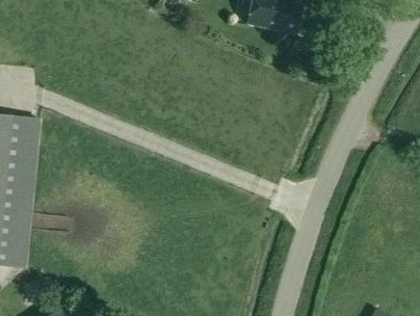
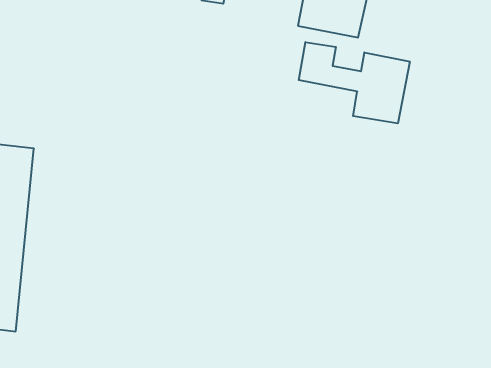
building: none -> [299,42,410,123]

